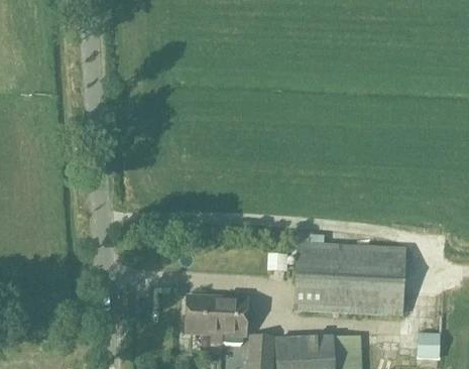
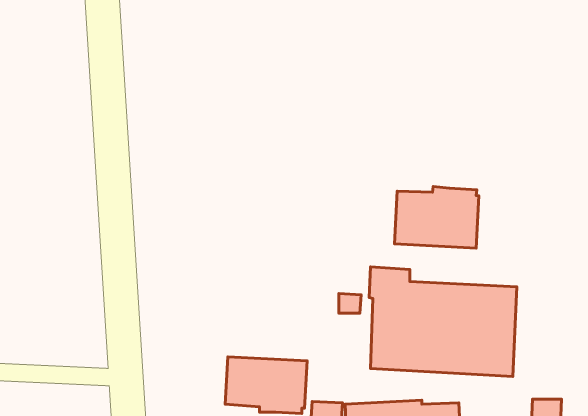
building: none -> [394,186,479,248]

